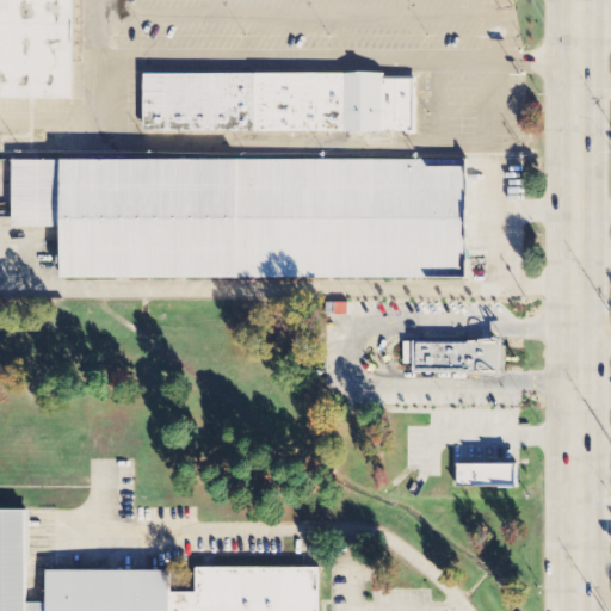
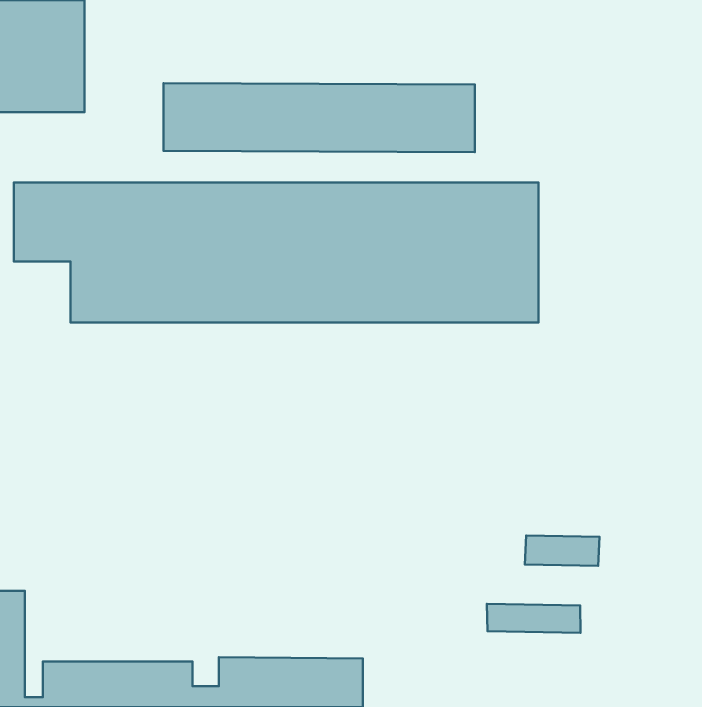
building: [399,340,496,374] -> none
building: none -> [487,604,581,633]

